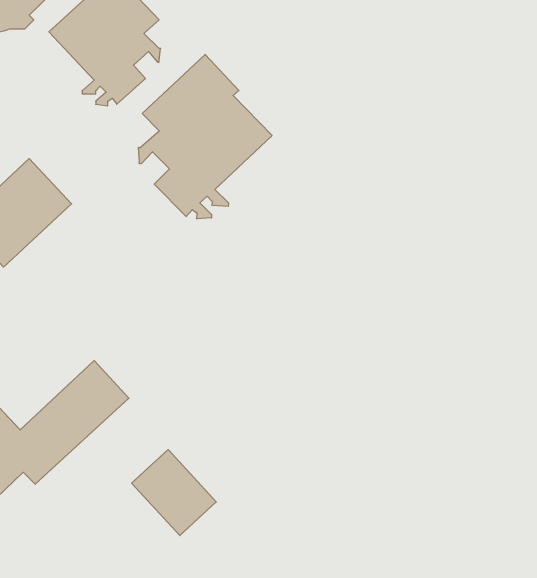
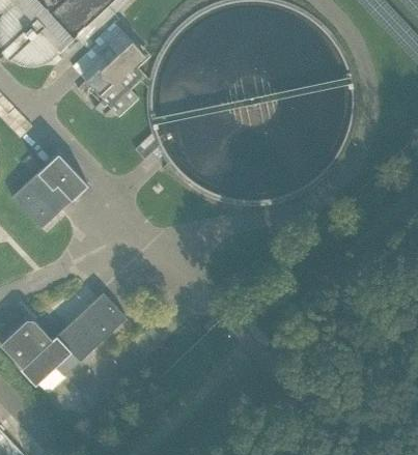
building: [138,54,272,219] -> none
building: [132,450,216,536] -> none

